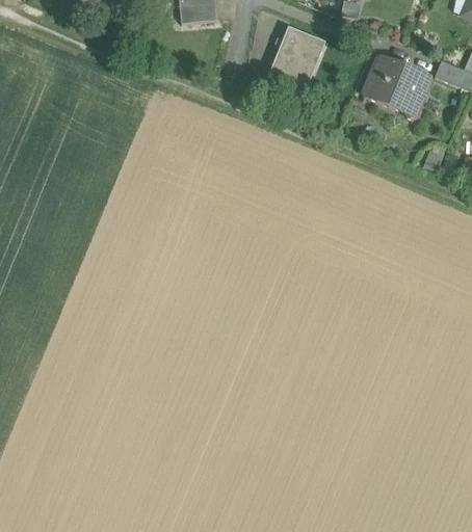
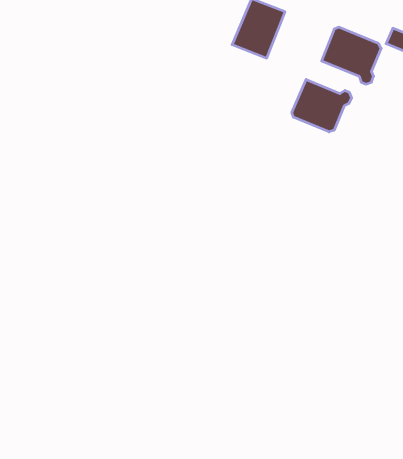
building: none -> [292,79,352,132]

